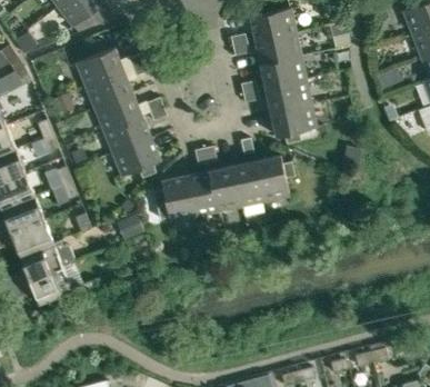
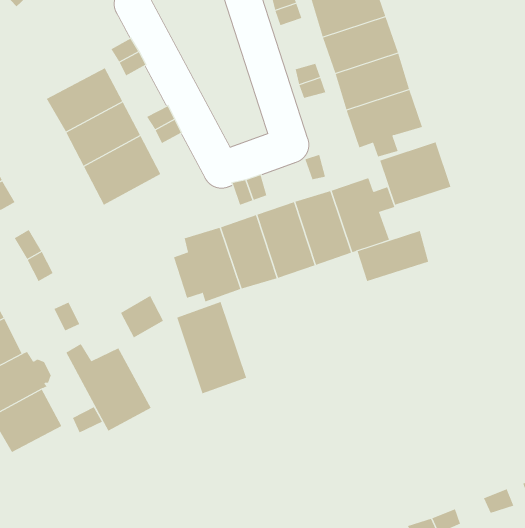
building: [74,47,122,85] -> none
building: none -> [379,142,451,206]
building: [112,139,159,177] -> none
building: none -> [357,230,429,282]
building: none -> [176,301,247,394]
building: none -> [66,343,151,431]

